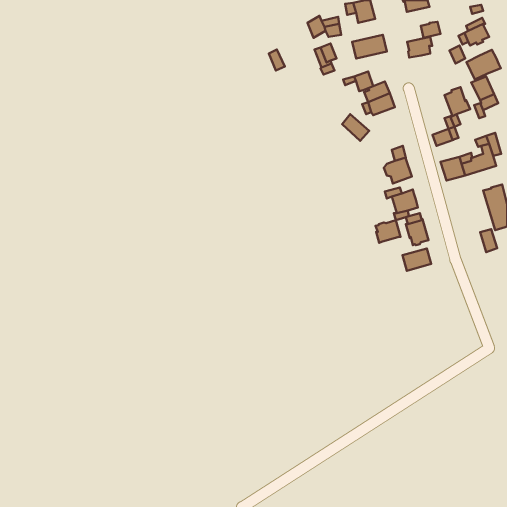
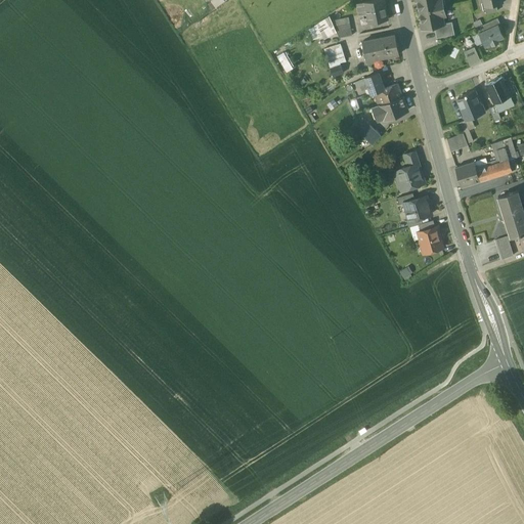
building: [407,37,432,58] -> [420,7,445,29]
building: [466,50,501,80] -> none
building: [376,220,401,243] -> none
building: [403,248,431,271] -> none

